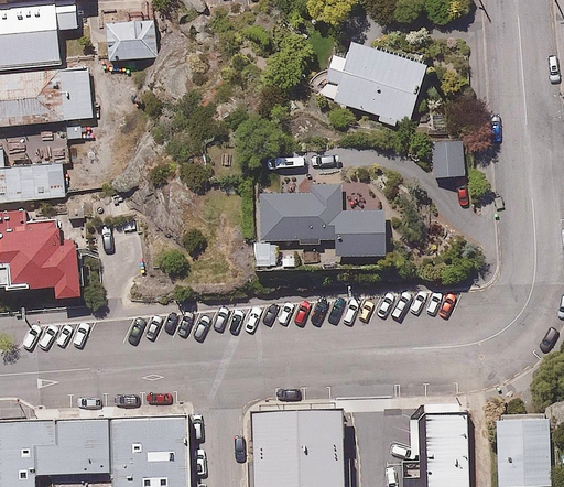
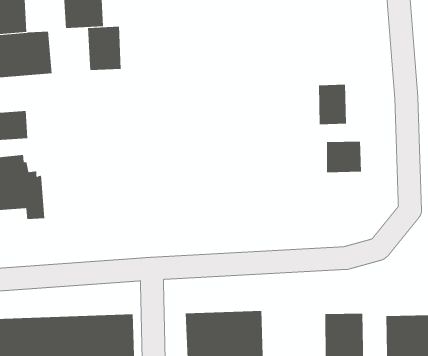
building: [315,43,425,131] -> none
building: none -> [87,26,121,71]
building: [248,186,386,271] -> none
building: none -> [326,141,362,173]

